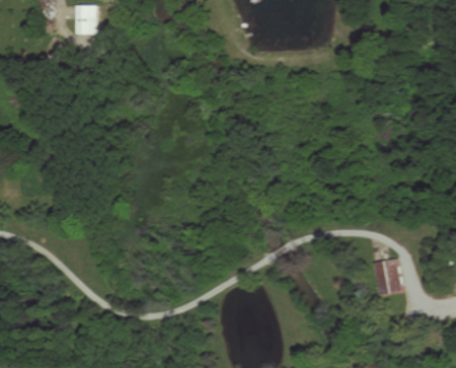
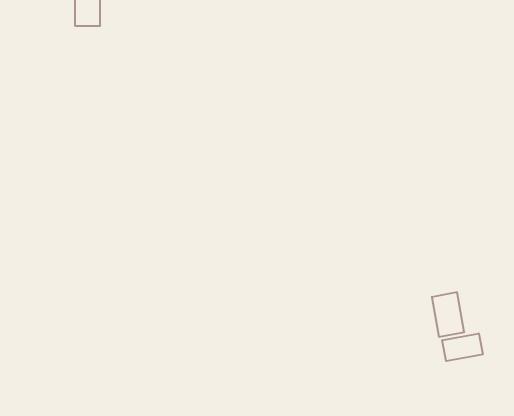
building: none -> [442,333,483,361]

